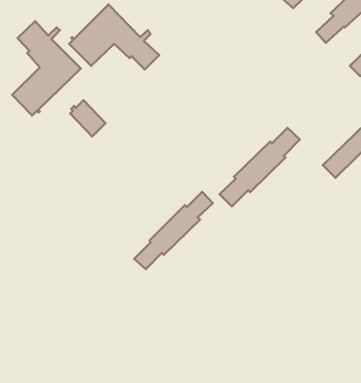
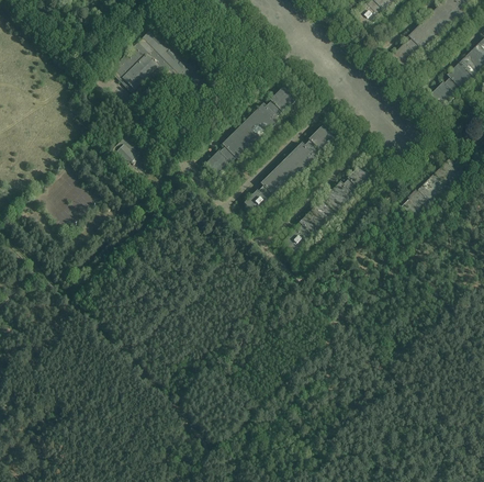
building: [12,21,81,115] -> none
building: none -> [205,85,295,175]
building: [134,192,213,269] -> [243,124,333,213]

